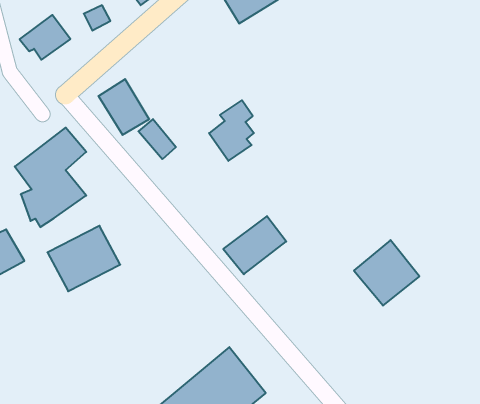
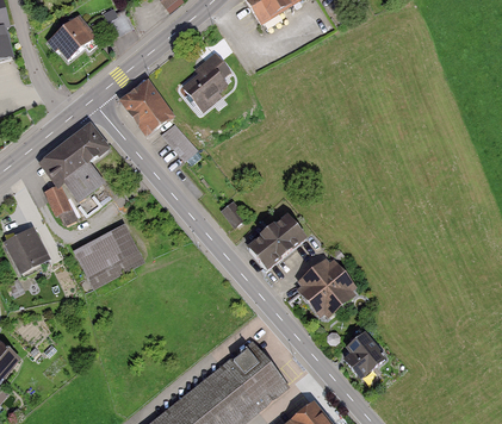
building: [209,100,254,161] -> [181,52,225,112]
building: [354,240,419,306] -> [295,256,359,320]
building: none -> [342,330,384,376]

